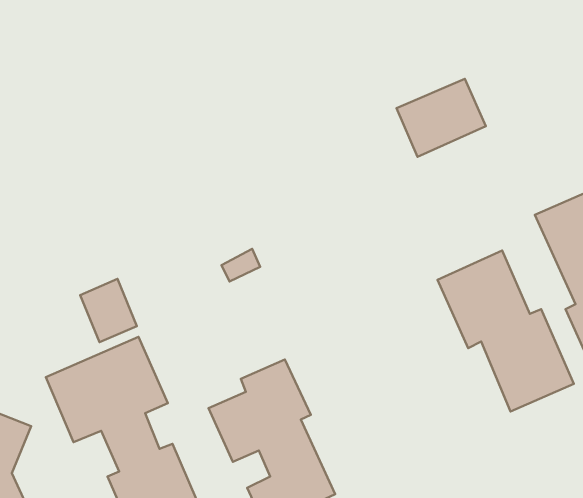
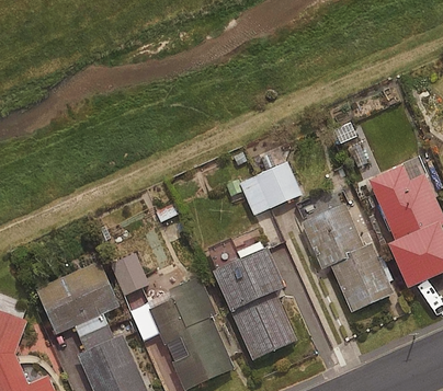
building: [396,79,486,157] -> [239,164,299,217]
building: [80,279,137,342] -> [110,255,148,298]
building: none -> [213,246,297,359]

